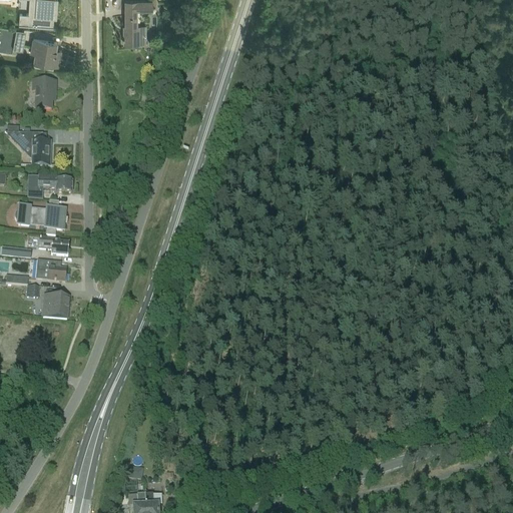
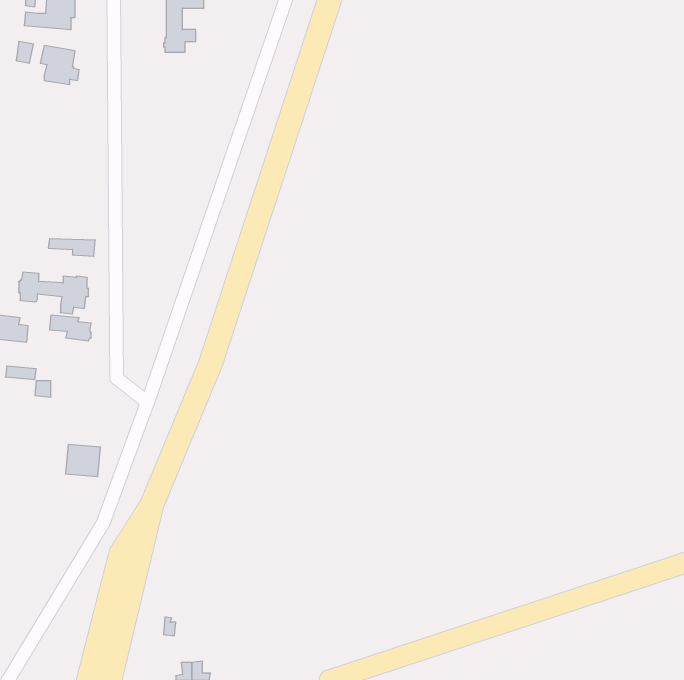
building: [31,79,54,108] -> none
building: [6,124,53,164] -> none
building: [34,259,65,281] -> none
building: [41,294,67,318] -> [66,444,100,477]

